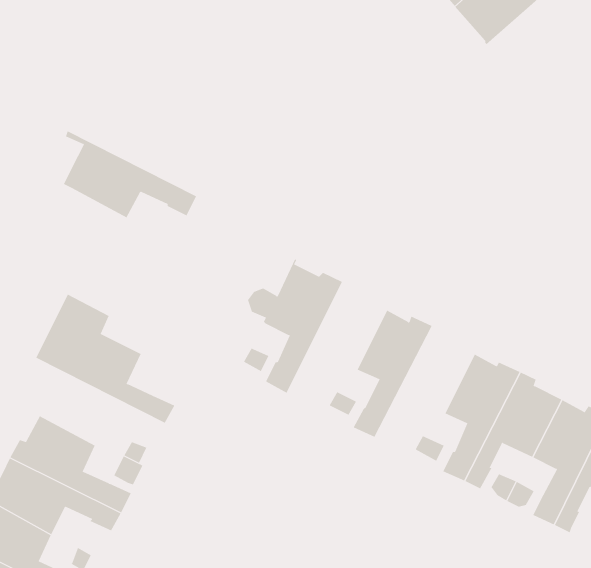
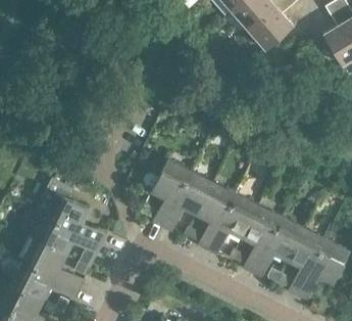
building: [63,130,197,218] -> [33,211,101,256]
building: none -> [163,172,214,233]
building: none -> [208,194,259,256]

